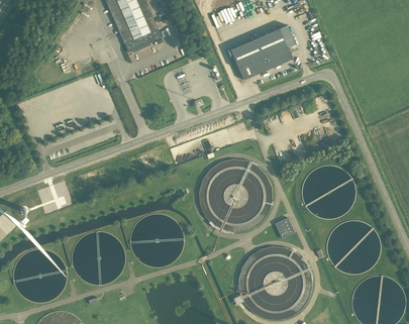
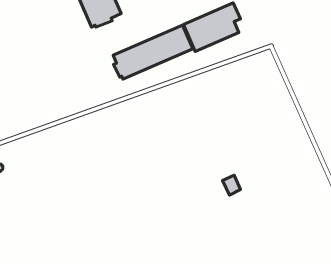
building: none -> [113,25,193,79]

